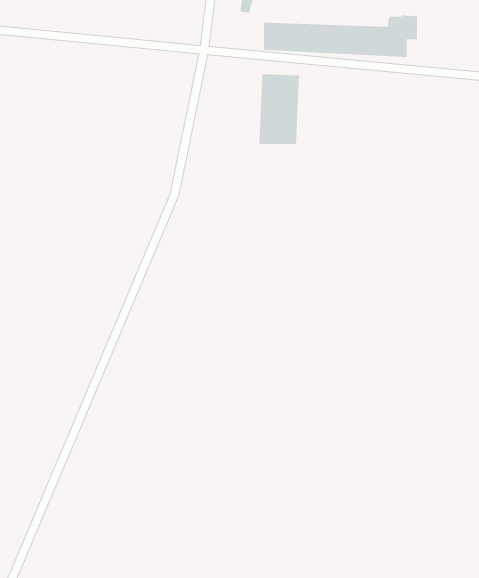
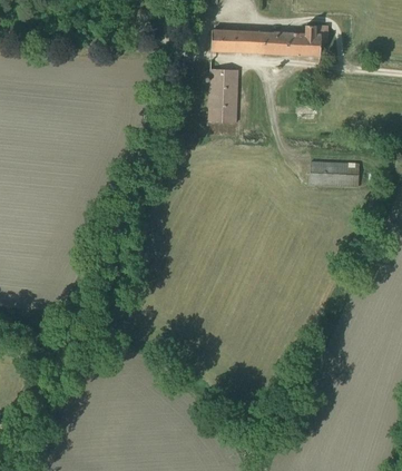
building: none -> [308,161,359,187]

